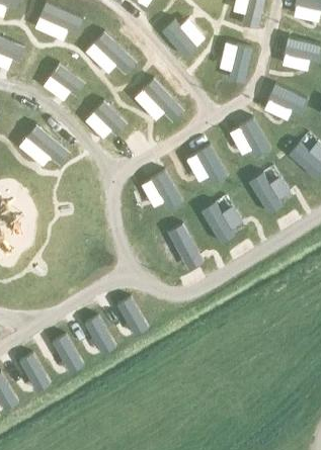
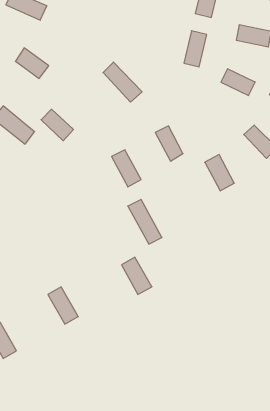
building: [161,19,197,58] -> none
building: [92,31,137,74] -> none
building: [93,101,128,134] -> [41,109,73,141]
building: [241,119,271,157] -> none
building: [204,204,235,244] -> none
building: [116,296,149,336] -> [122,257,152,294]
building: [52,335,84,374] -> none

